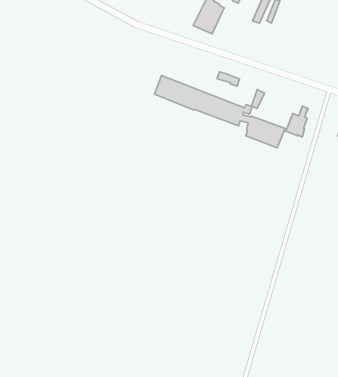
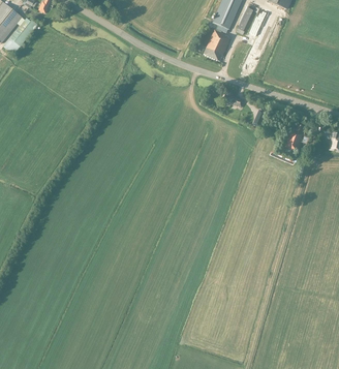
building: [155,75,285,148] -> none

